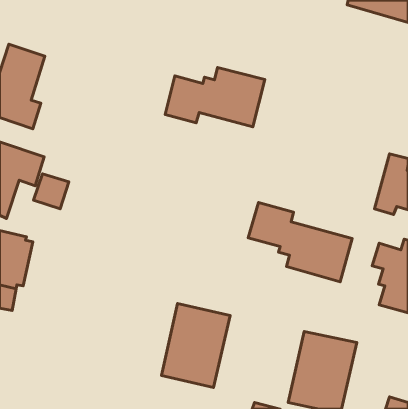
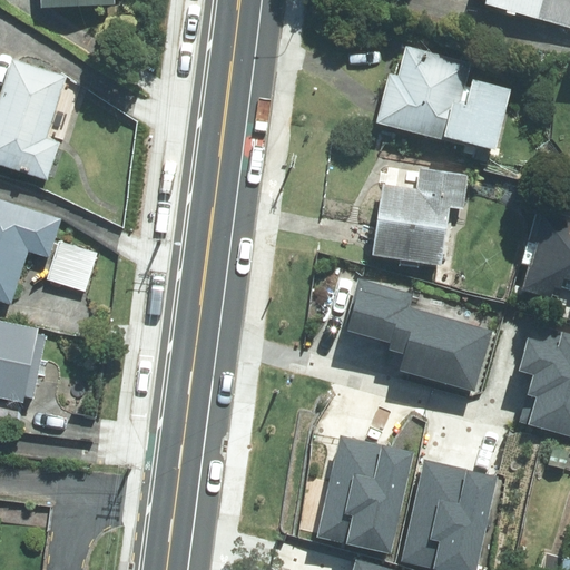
building: none -> [376,48,511,149]
building: [165,68,265,127] -> none
building: none -> [373,168,466,264]
building: [161,304,230,388] -> [317,435,413,552]

